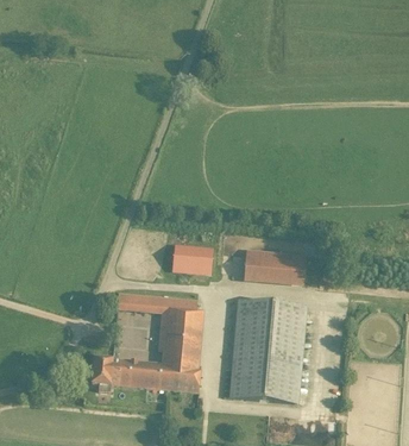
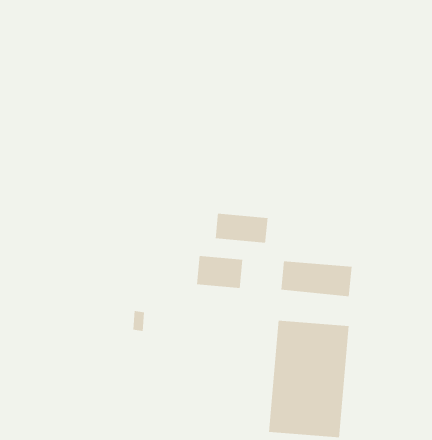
building: none -> [215,213,268,243]
building: [93,297,202,394] -> none

